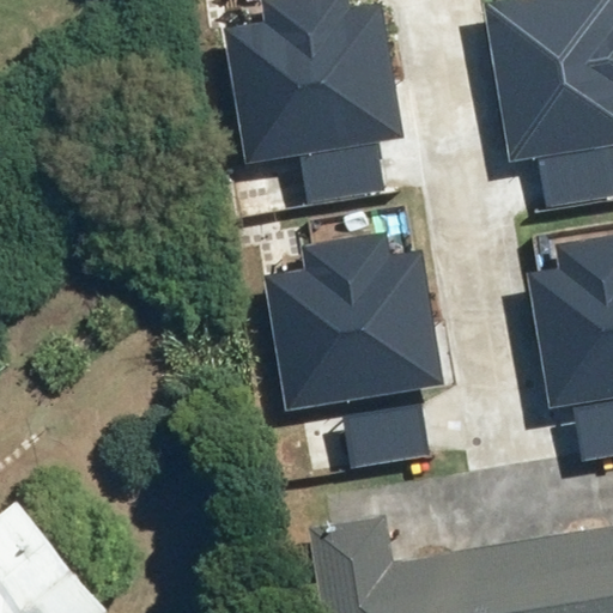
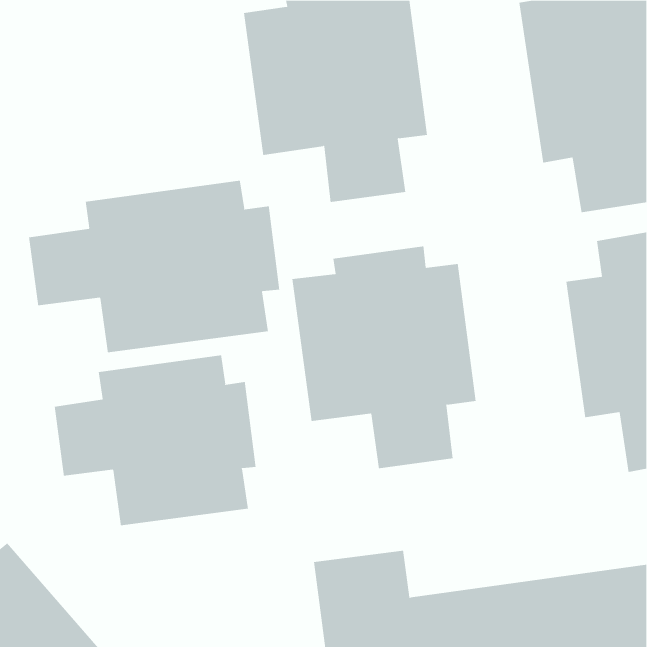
building: none -> [29,180,280,353]
building: none -> [54,354,256,526]

